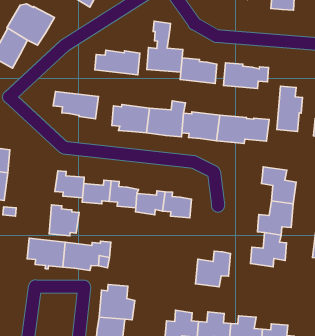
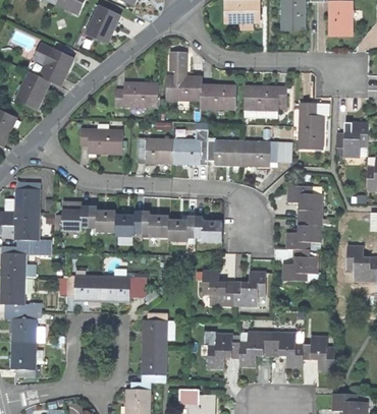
building: [49,205,79,236] -> [61,201,89,230]
building: none -> [203,270,233,305]

